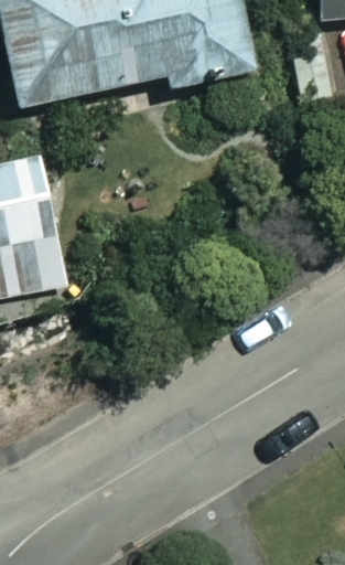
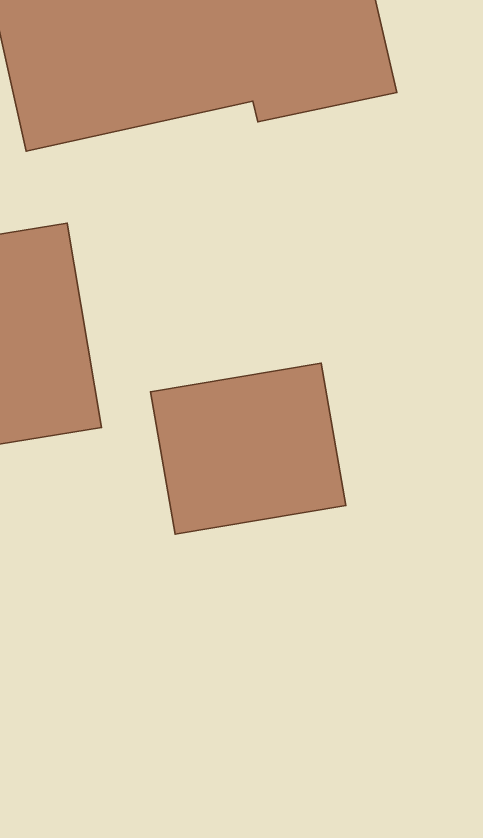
building: none -> [151,363,346,534]

